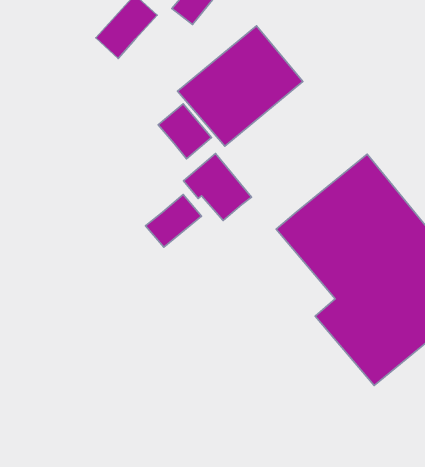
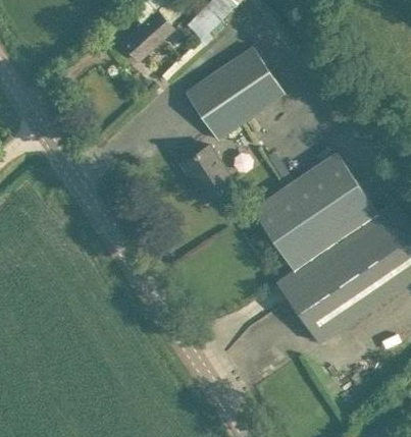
building: [158,104,211,159] -> none
building: [146,195,202,247] -> none

